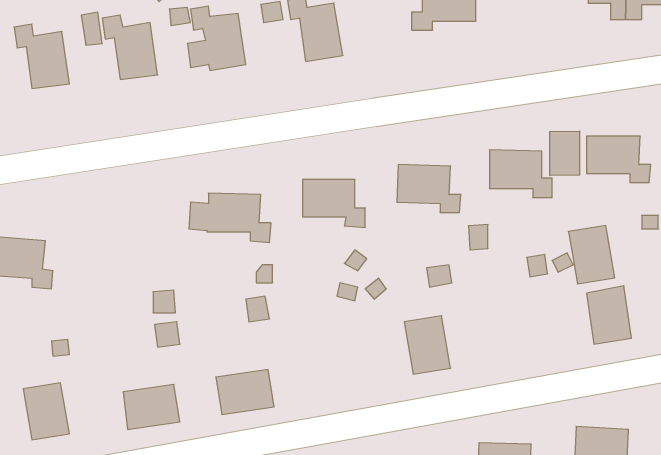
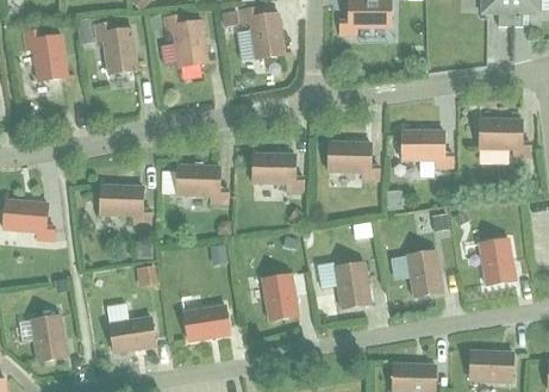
building: [550,131,580,176] -> none
building: none -> [99,183,150,223]
building: [568,226,615,284] -> [406,249,443,295]
building: none -> [262,273,298,319]

